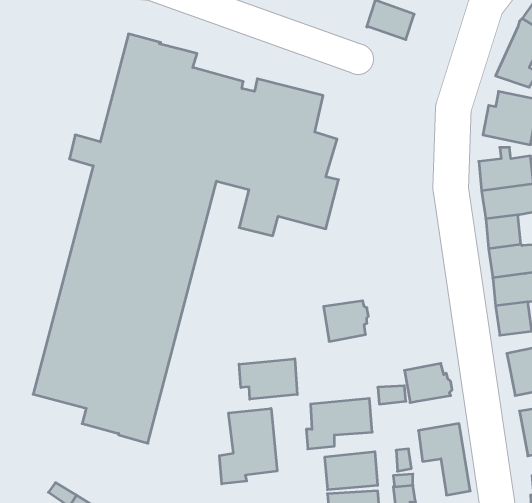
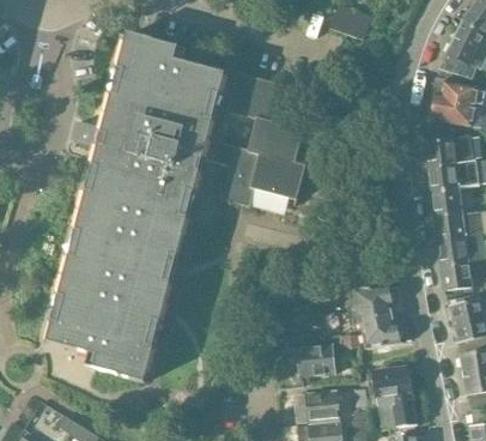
building: [324,301,368,341] -> [357,285,395,320]
building: [239,359,297,399] -> none
building: [219,408,277,484] -> none

